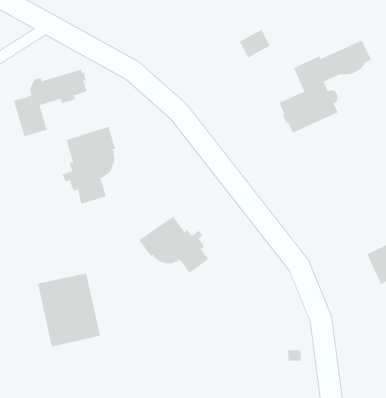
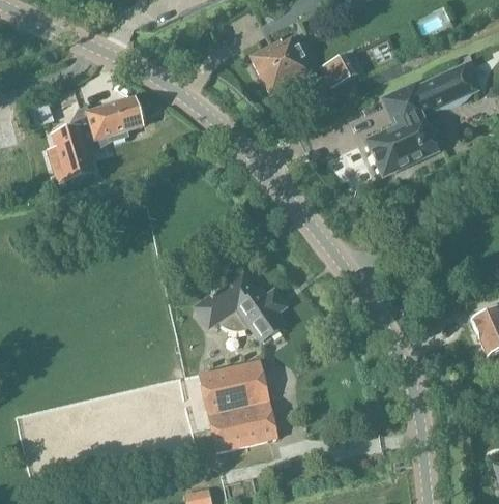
building: none -> [250,34,317,97]
building: [62,126,116,204] -> none
building: [37,273,101,347] -> [200,360,275,448]

